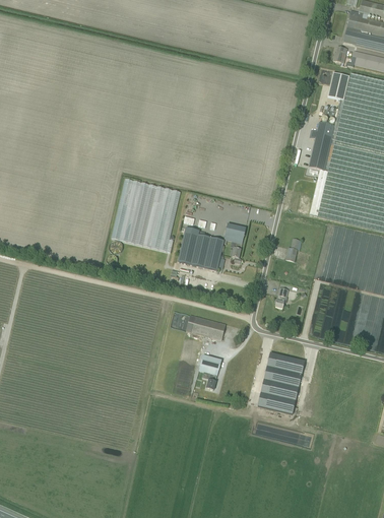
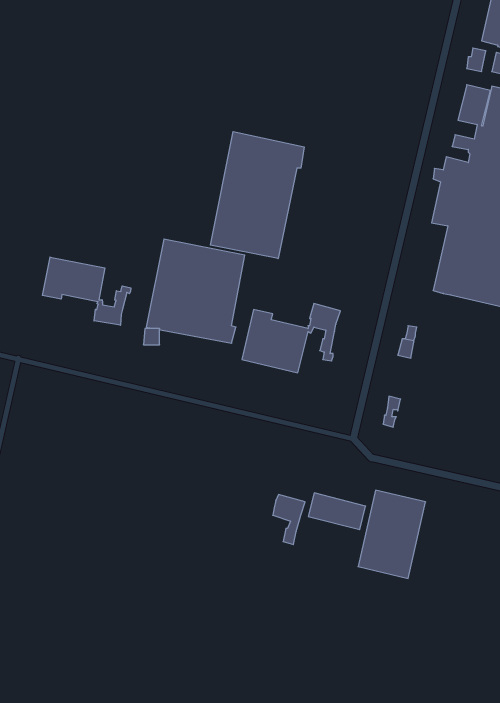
building: none -> [210,132,304,259]
building: none -> [42,257,131,325]
building: [187,315,227,340] -> [308,493,366,530]

